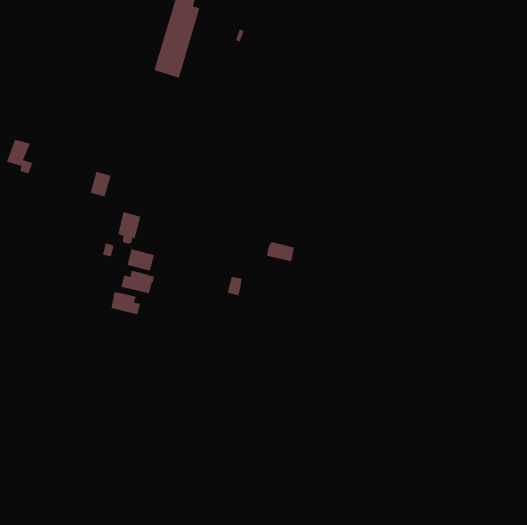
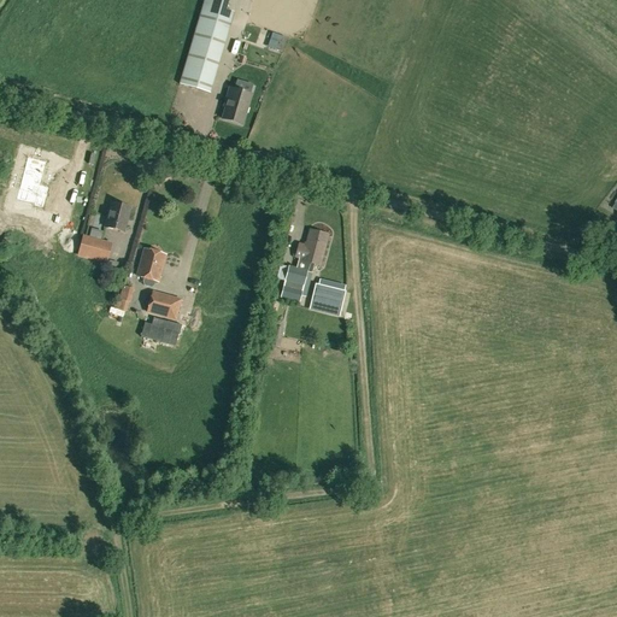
building: none -> [223,87,251,123]
building: none -> [282,229,328,299]
building: none -> [77,233,112,262]
building: [111,291,141,315] -> none

